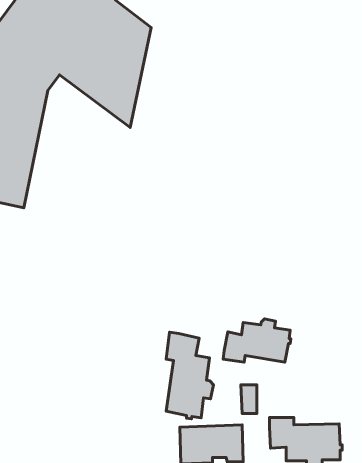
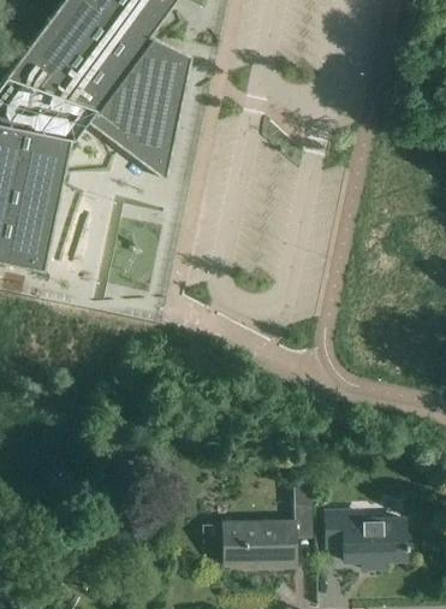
building: [223,319,291,362] -> none
building: [166,332,213,419] -> none

